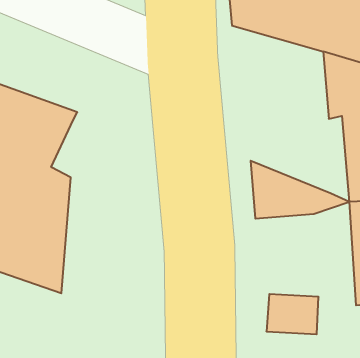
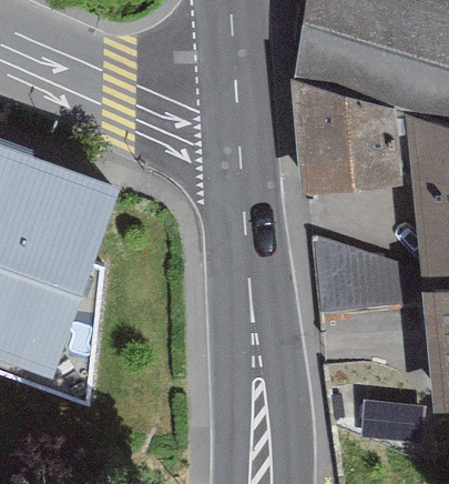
building: none -> [294,79,409,191]

